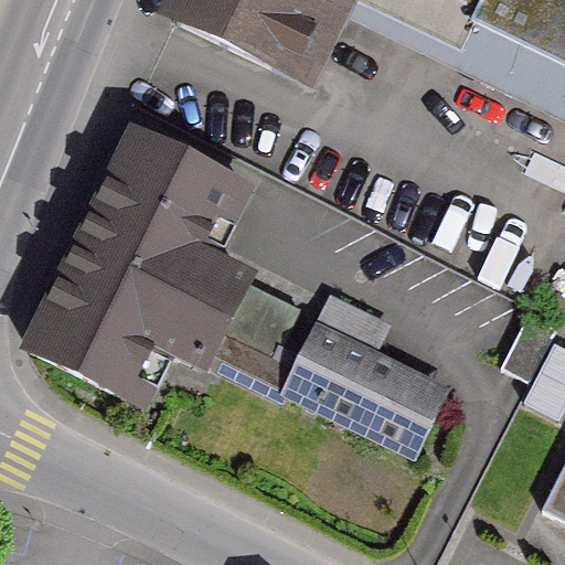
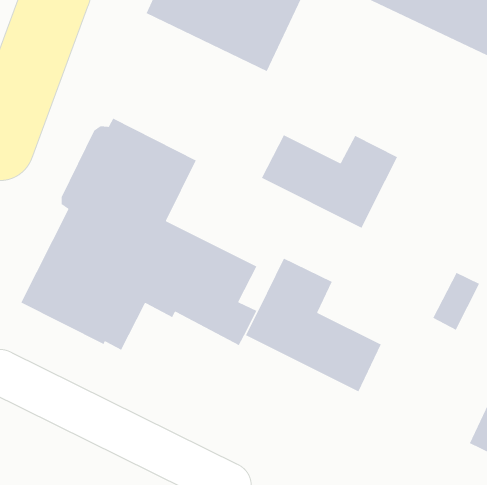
building: none -> [261,134,398,229]

